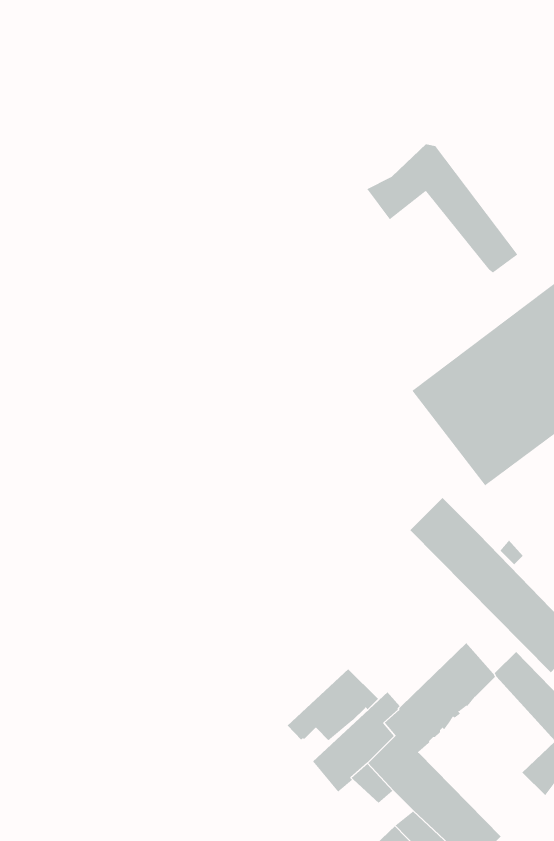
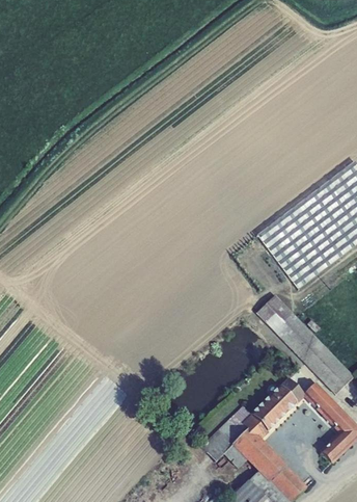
building: [367,143,518,273] -> none
building: [287,669,379,741] -> none

